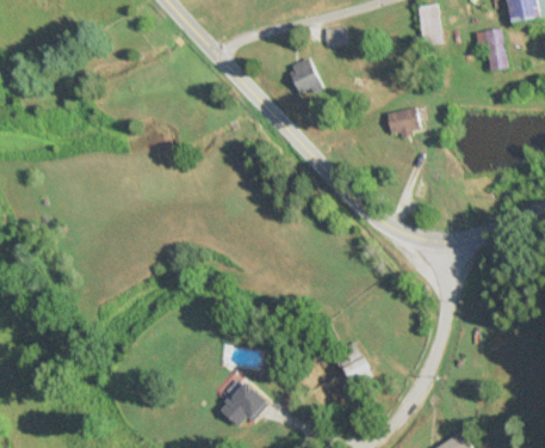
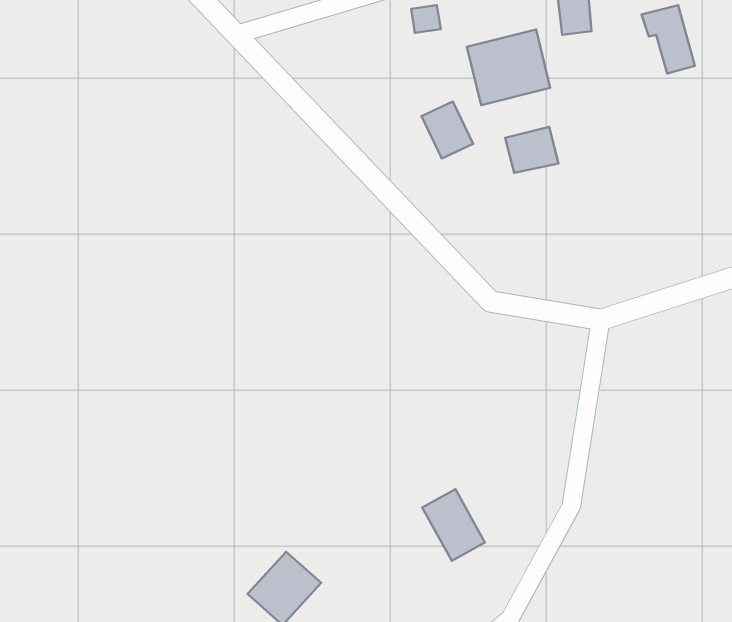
building: none -> [467,29,550,105]
building: [289,59,322,96] -> [422,101,473,158]

